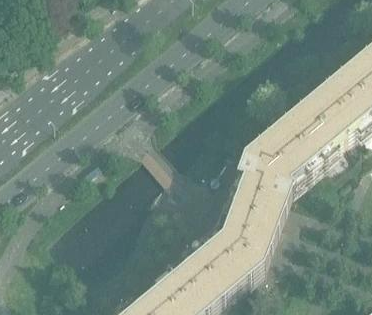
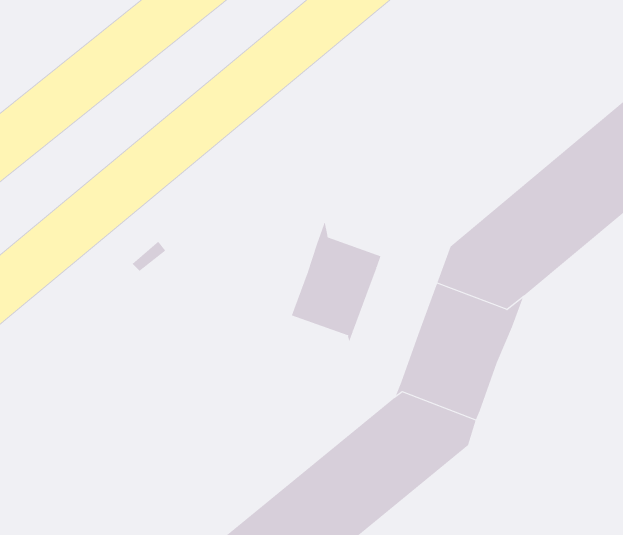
building: none -> [291,221,381,343]

